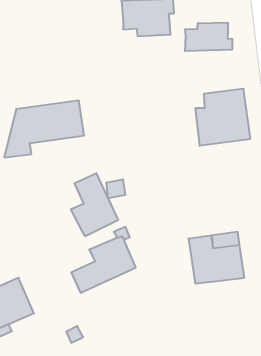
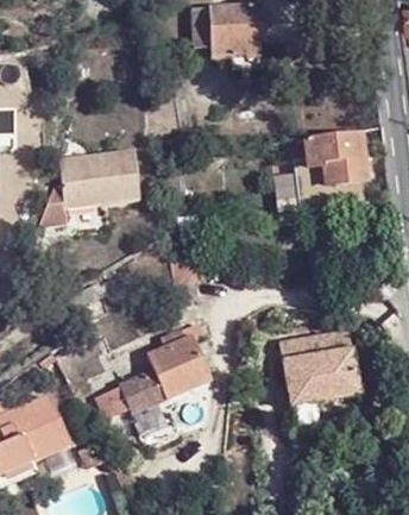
building: [185,23,232,51] -> none
building: [71,173,118,236] -> none

